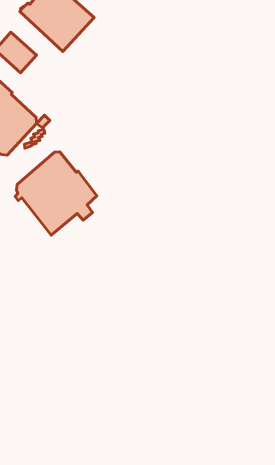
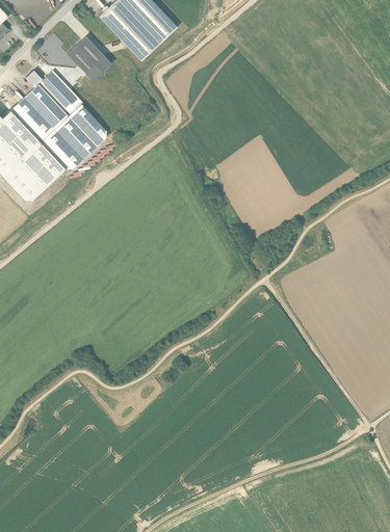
building: [15,152,97,235] -> none

